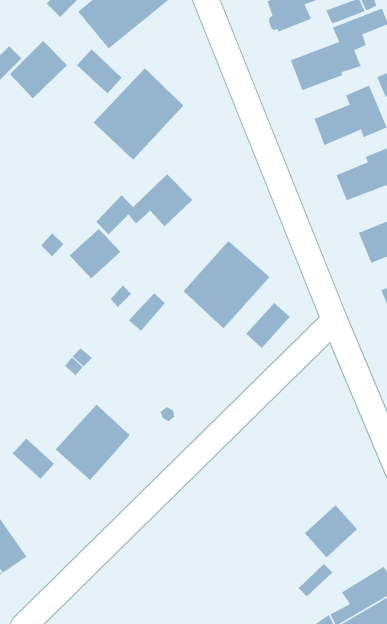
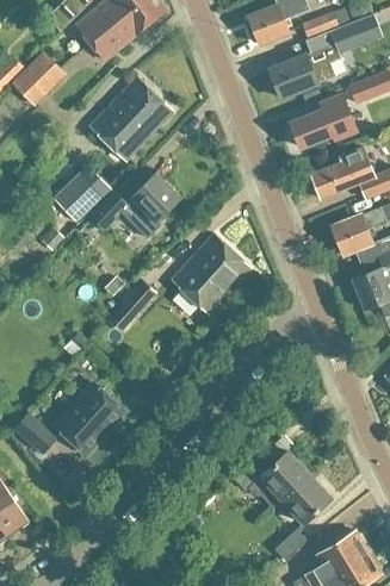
building: [76,49,123,94] -> none
building: [69,228,121,279] -> [54,174,101,220]
building: [245,302,291,349] -> none
building: none -> [235,448,311,507]

